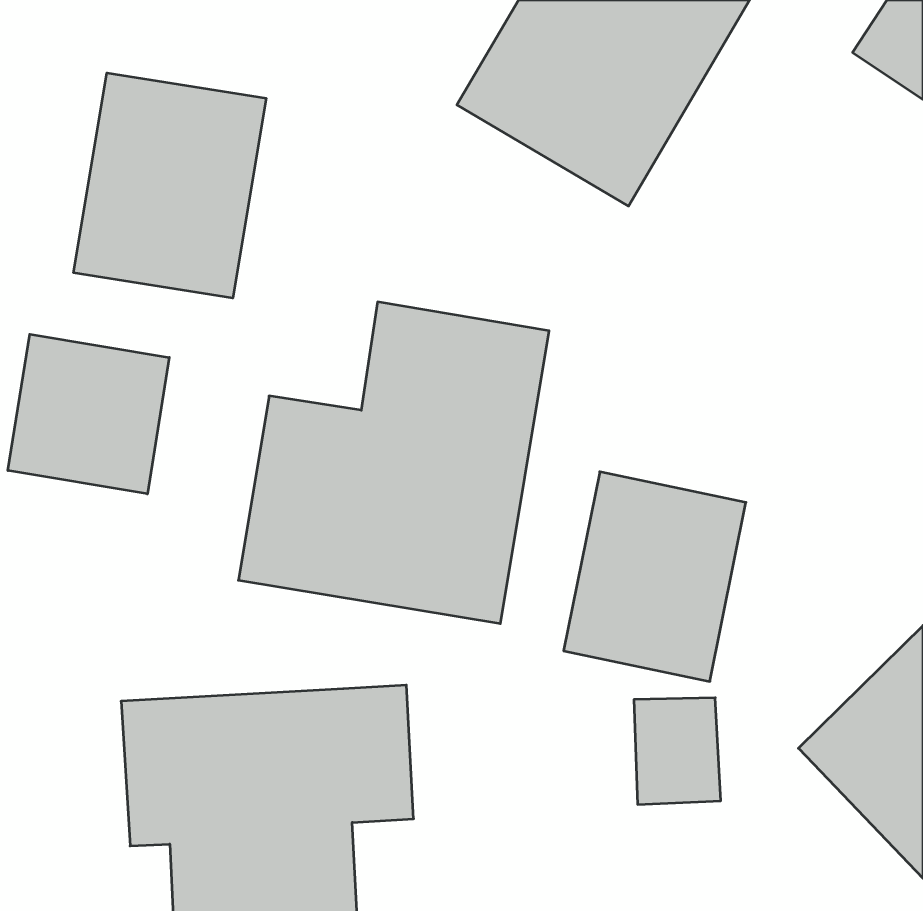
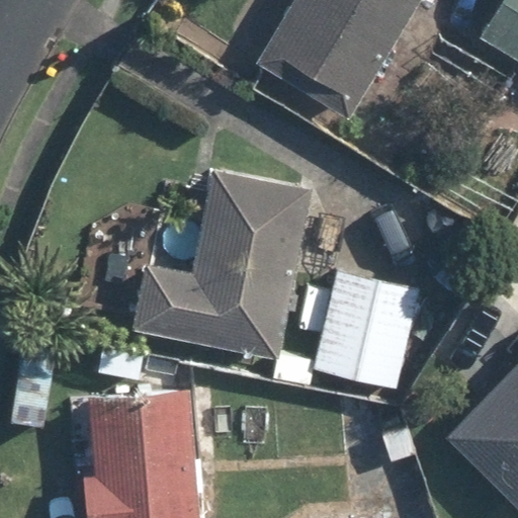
building: [74,73,266,298] -> none
building: [8,334,169,494] -> none

